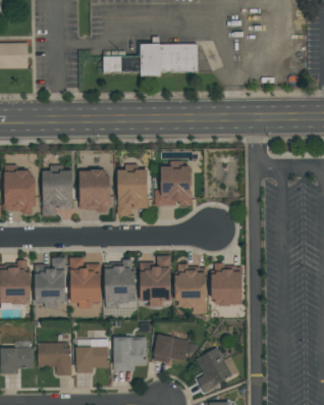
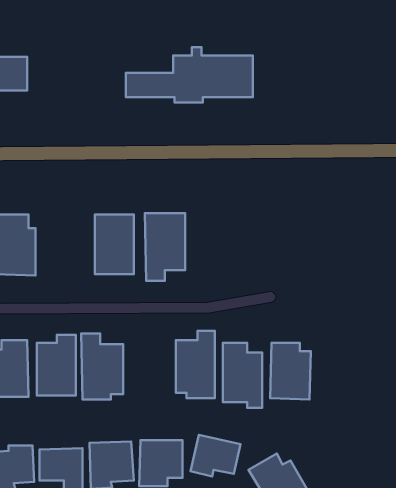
building: [155,160,192,205] -> none
building: [43,165,72,215] -> none
building: [105,259,136,302] -> none

